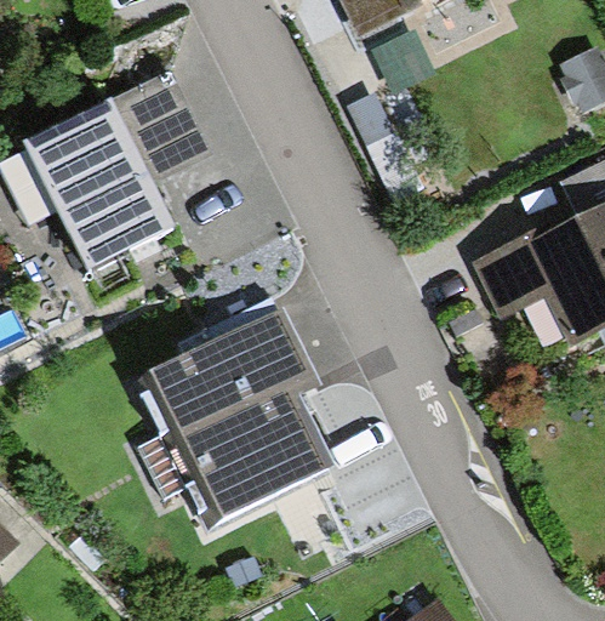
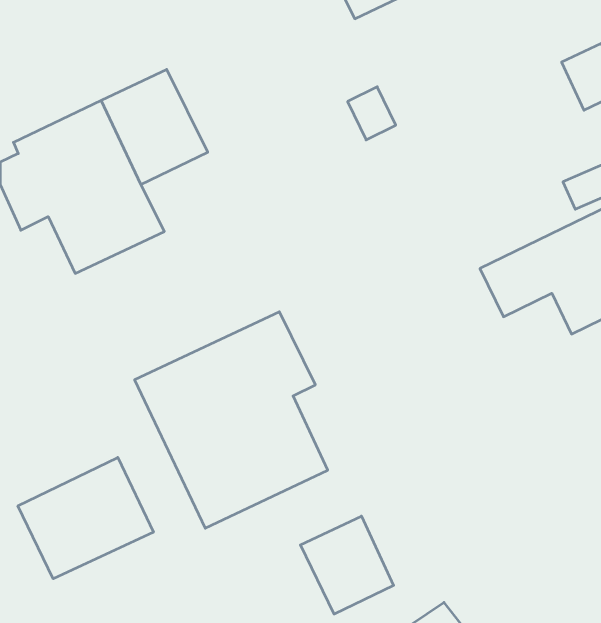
building: none -> [18,457,153,579]
building: none -> [300,516,394,614]

